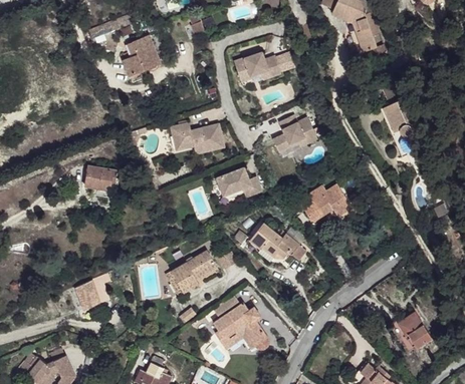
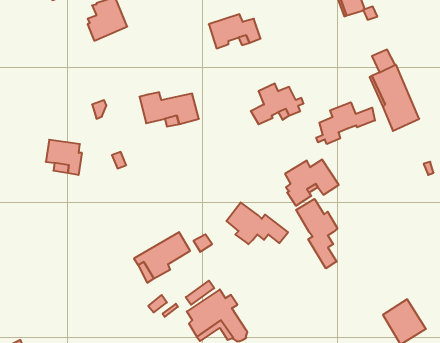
building: none -> [316,102,375,144]
building: [217,166,262,197] -> none
building: none -> [296,199,337,268]
building: [75,273,110,310] -> none

